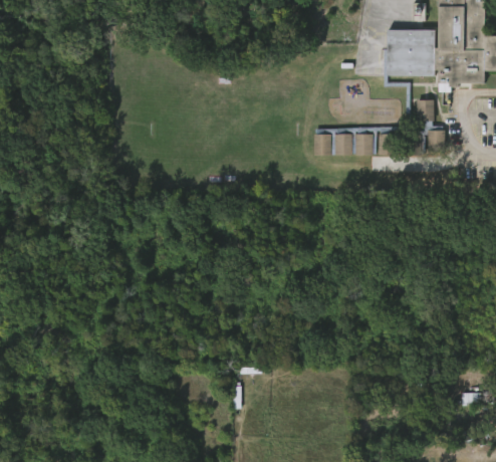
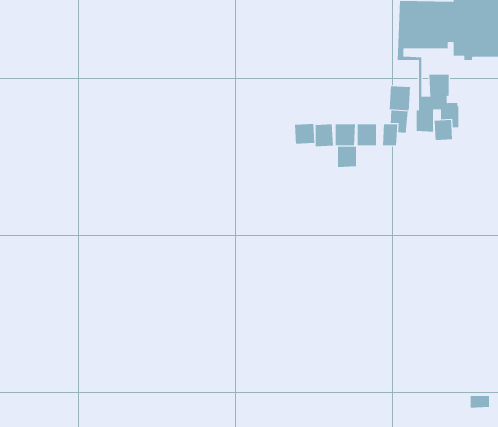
building: none -> [389,85,411,111]
building: none -> [294,123,315,144]
building: none -> [338,146,356,168]

